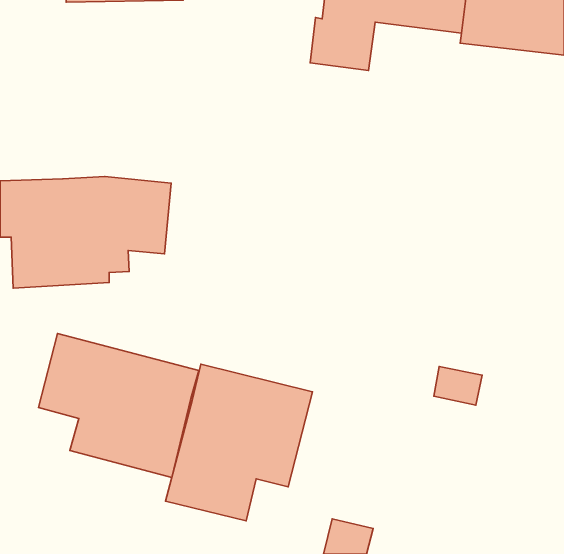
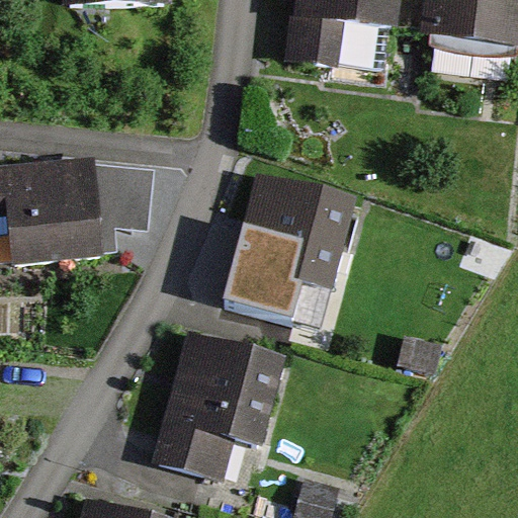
building: none -> [222,177,354,325]
building: [38,334,199,477] -> none

